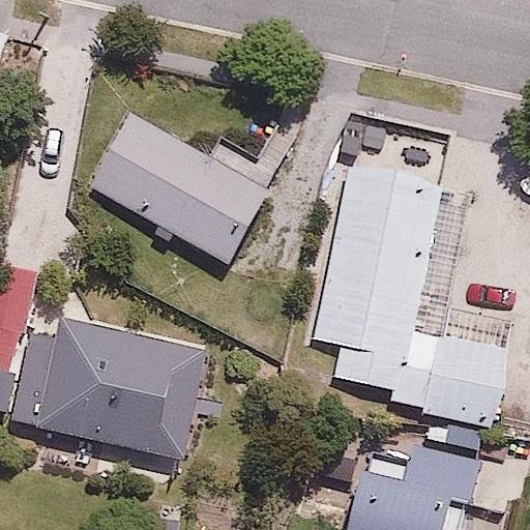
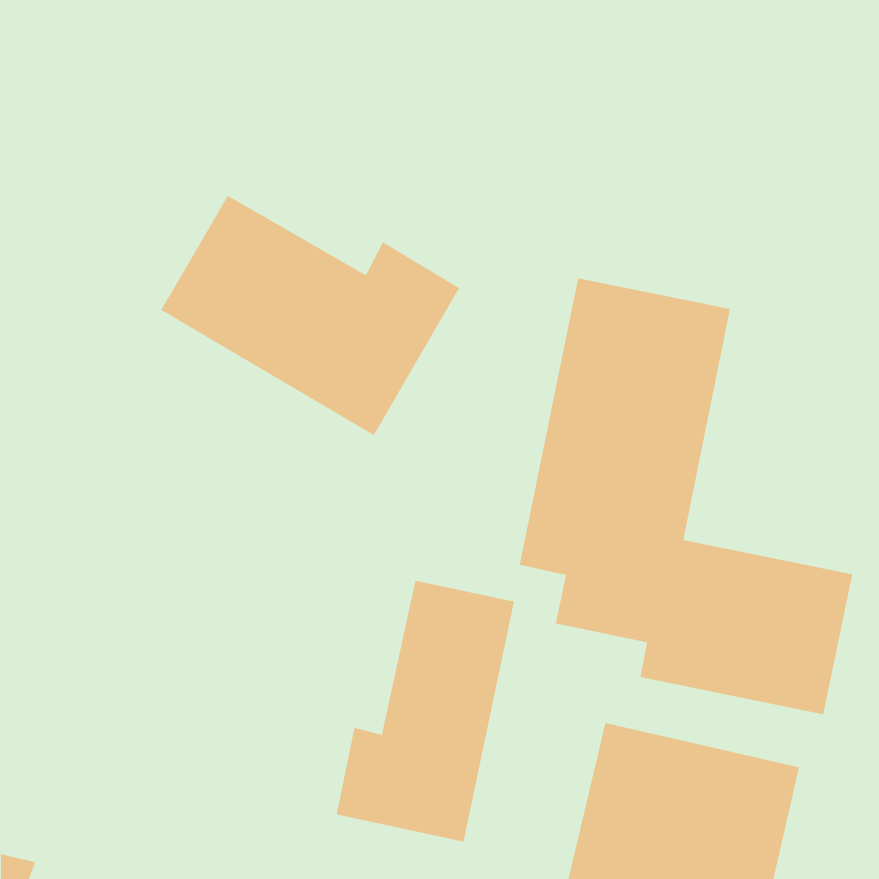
building: [6,316,213,460] -> none
building: none -> [336,580,515,842]

